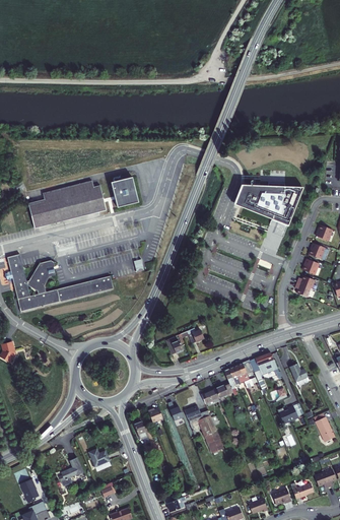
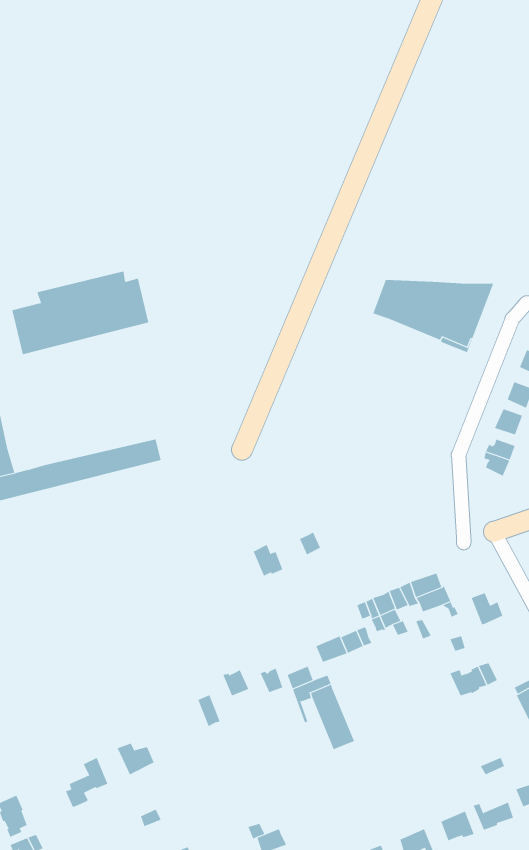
building: [111,177,139,207] -> none
building: [26,260,56,294] -> none

